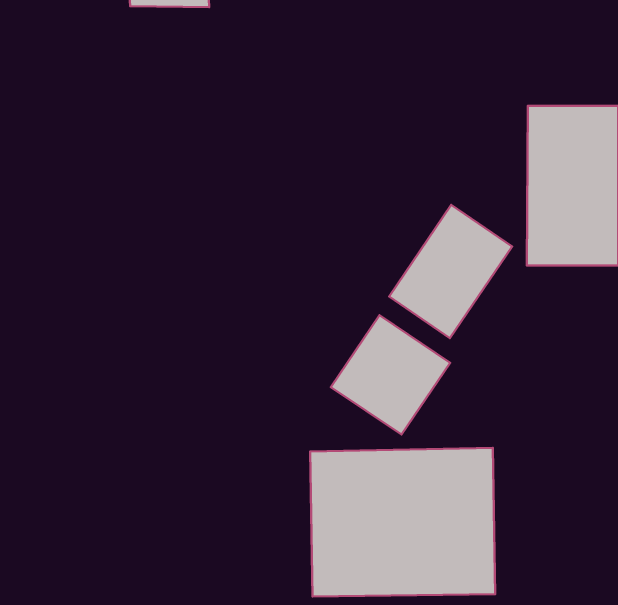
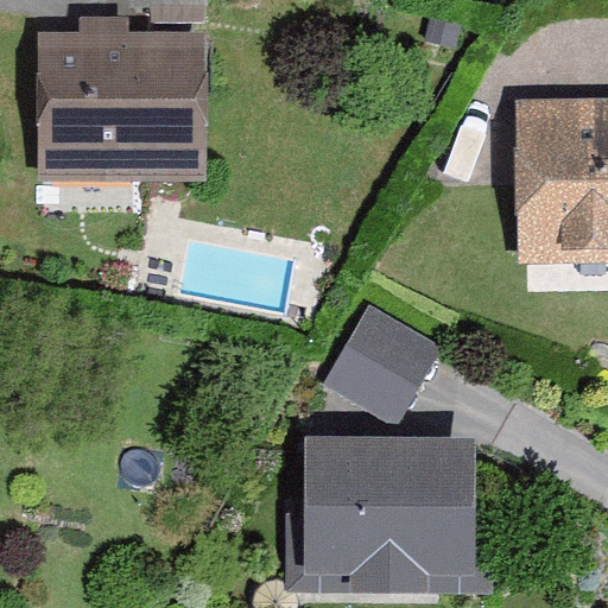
building: none -> [38,15,207,180]
building: [389,205,512,338] -> none

